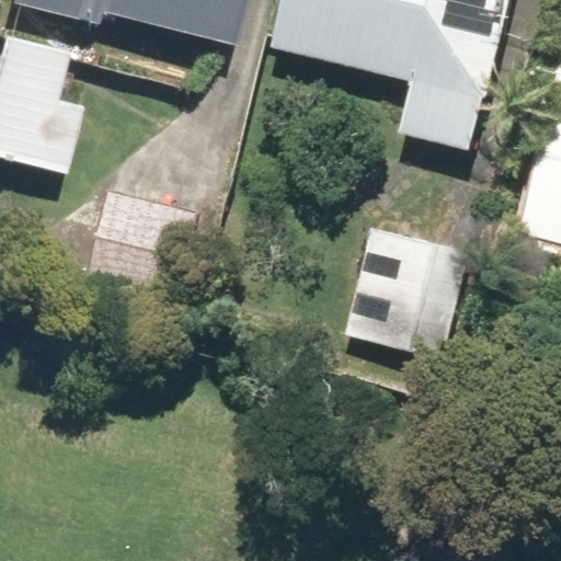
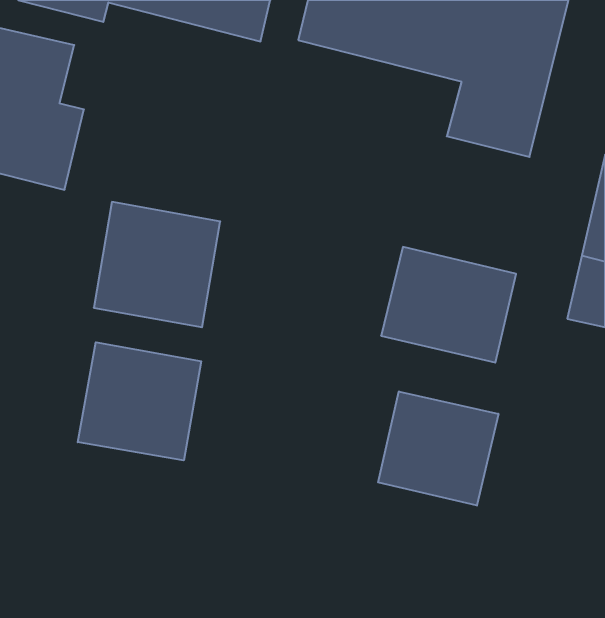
building: none -> [78,342,201,460]
building: none -> [378,391,498,506]

